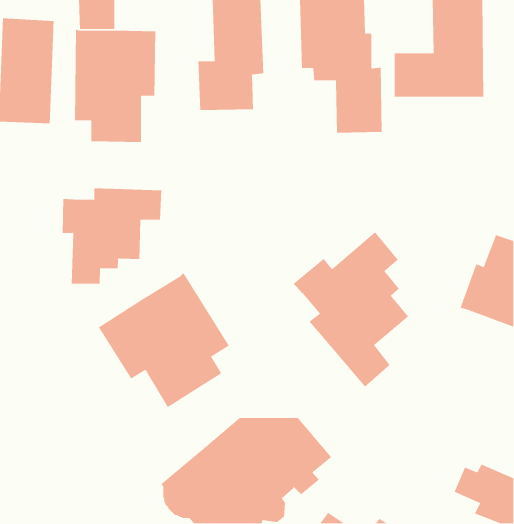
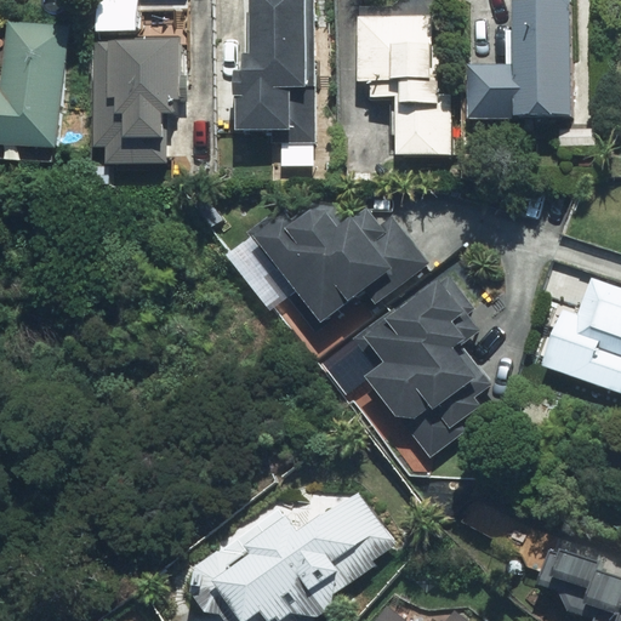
building: none -> [246,201,427,336]
building: [62,187,162,284] -> none
building: [98,272,230,408] -> none

